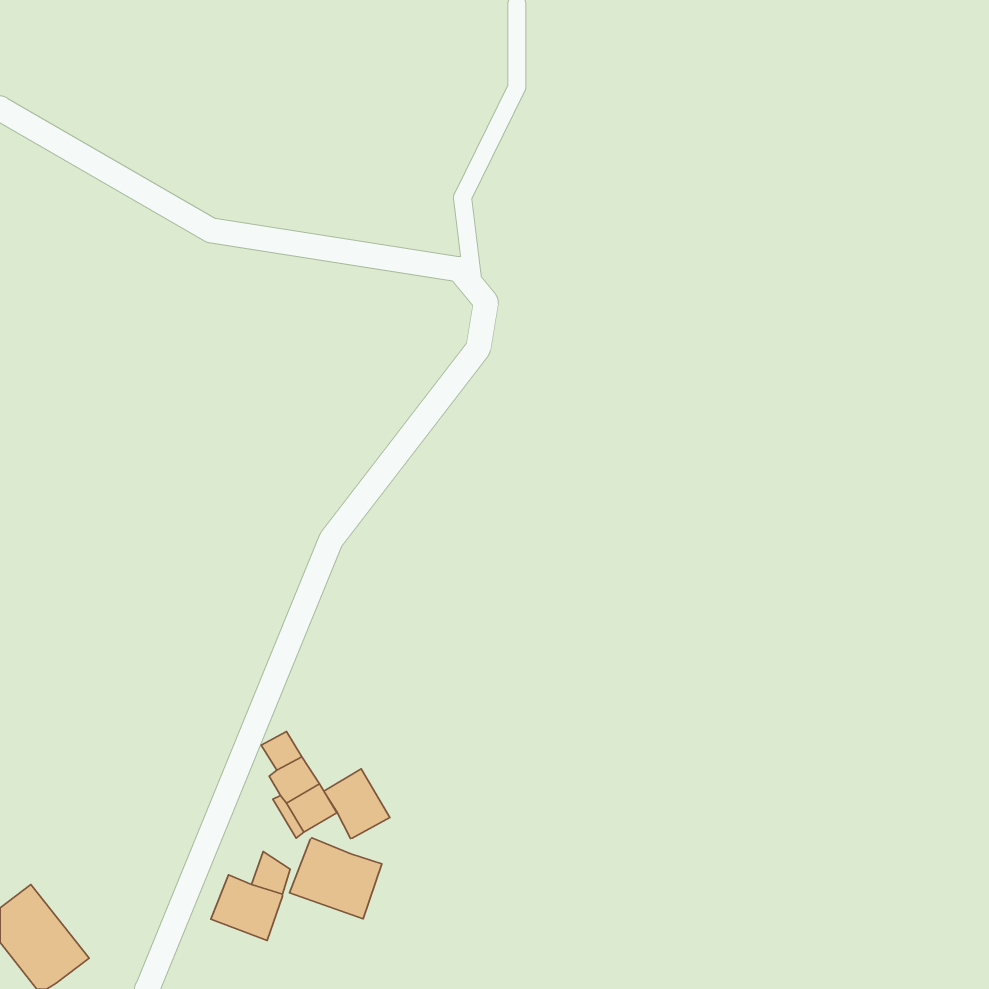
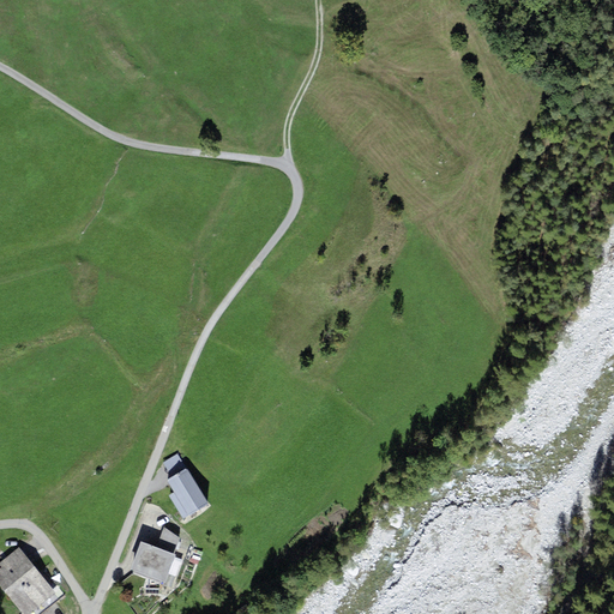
building: [324,769,390,839] -> none
building: [290,838,382,919] -> none

